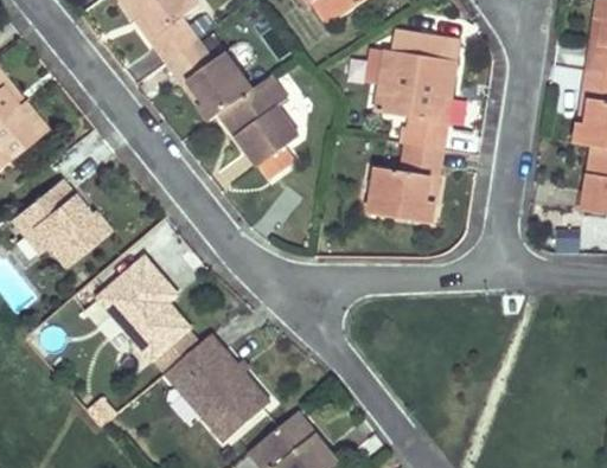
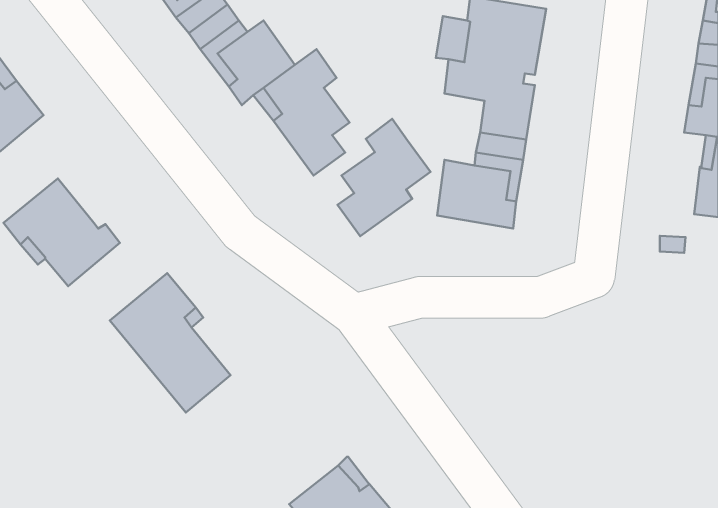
building: none -> [337,119,431,236]
building: [164,334,269,443] -> none

